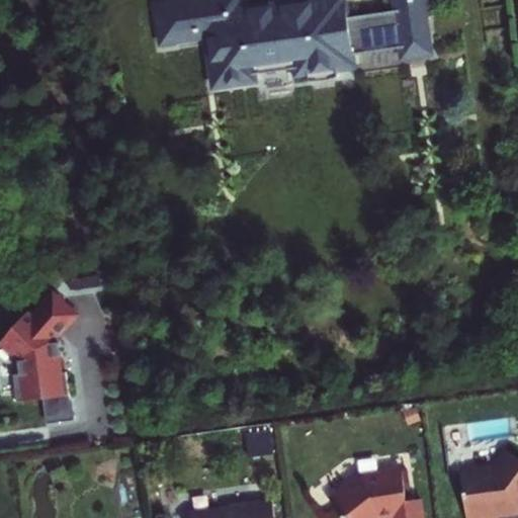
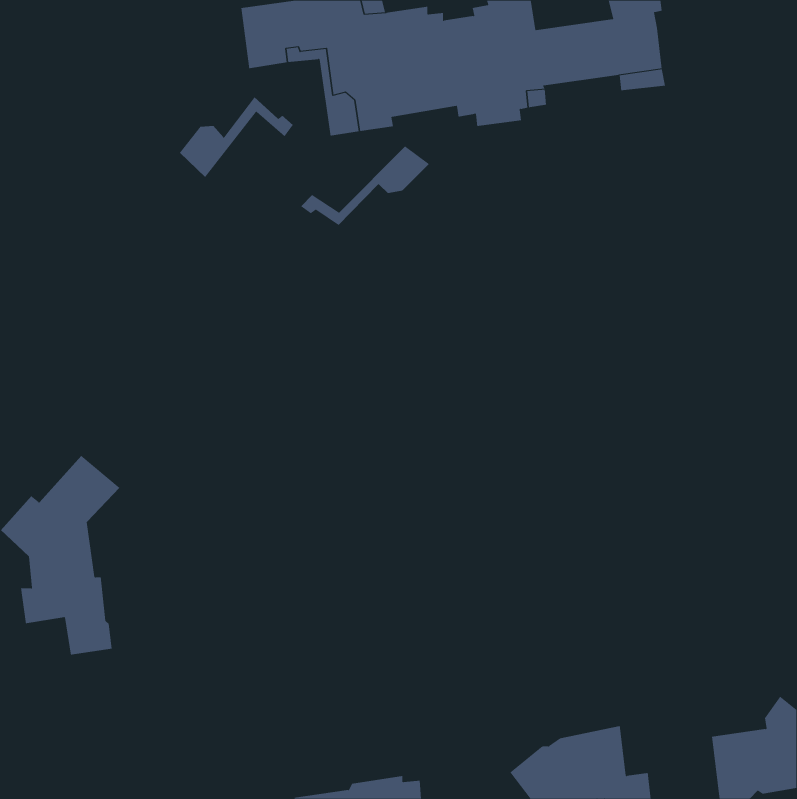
building: none -> [179,97,293,178]
building: none -> [300,145,430,226]

